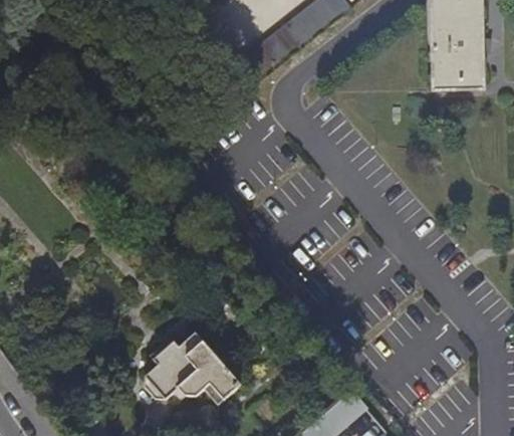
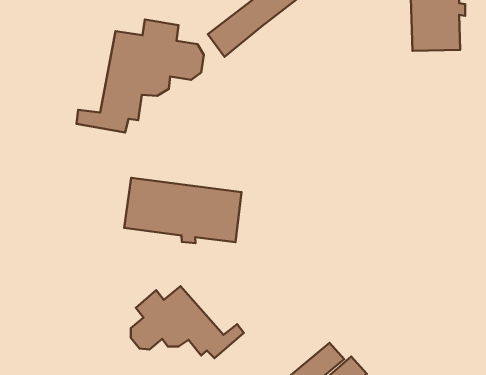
building: none -> [76,19,204,132]
building: none -> [124,178,241,243]

